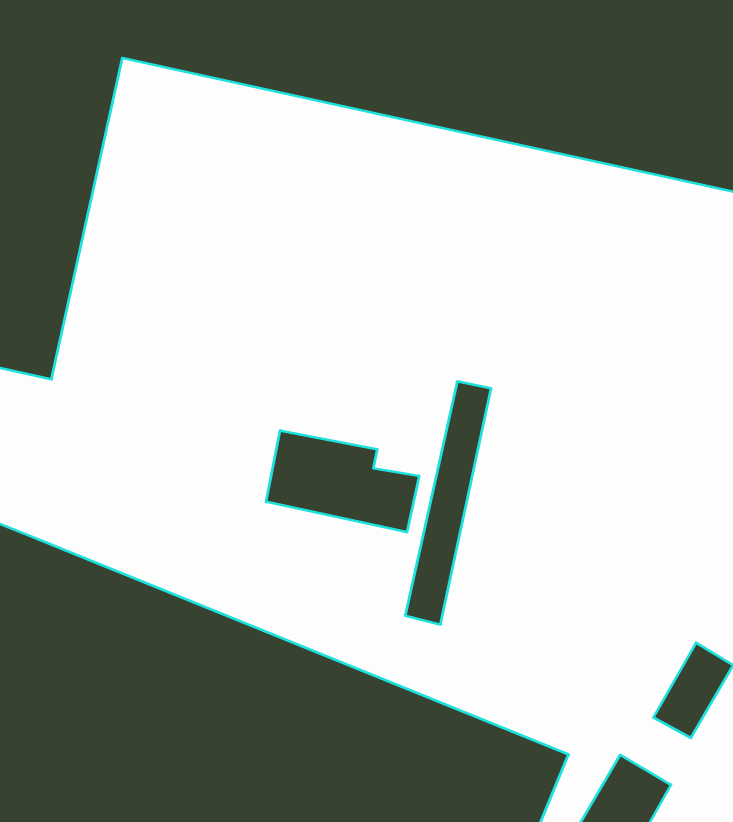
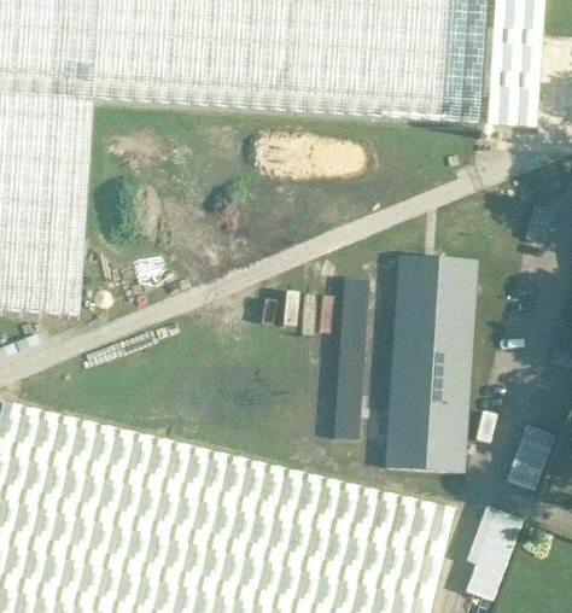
building: none -> [384,255,477,472]
building: [266,430,419,532] -> none

